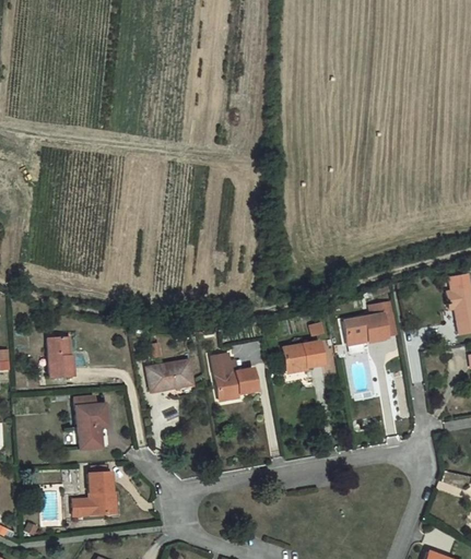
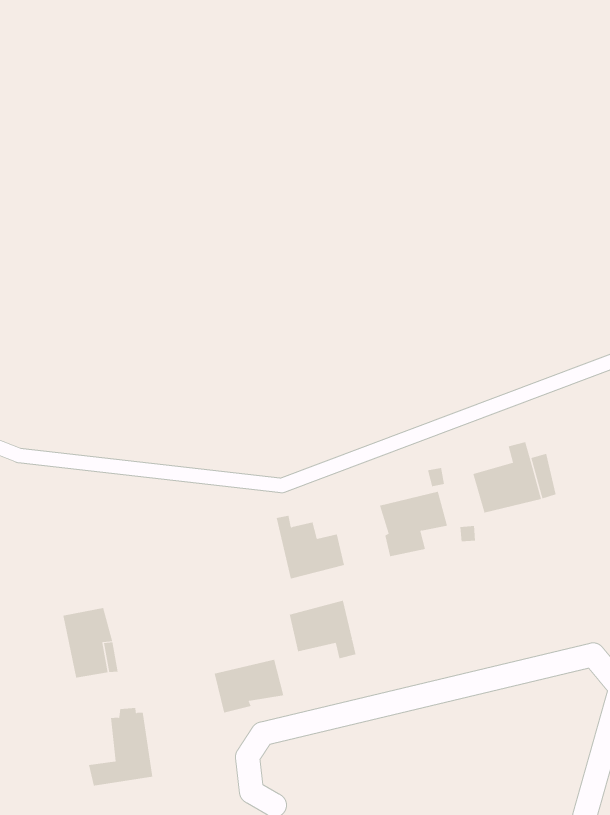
building: [39,330,68,372] -> none
building: [148,360,192,393] -> [214,659,284,713]
building: none -> [289,600,356,659]

